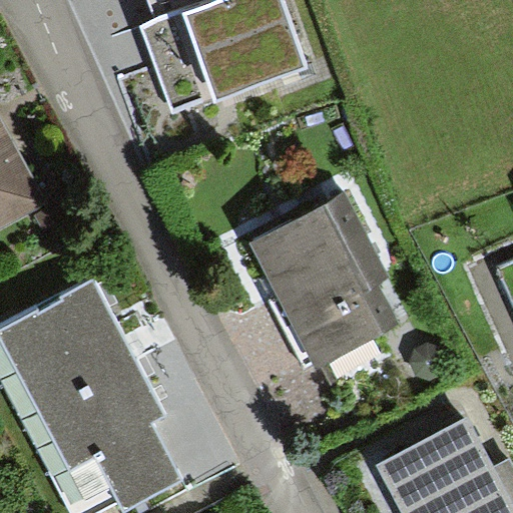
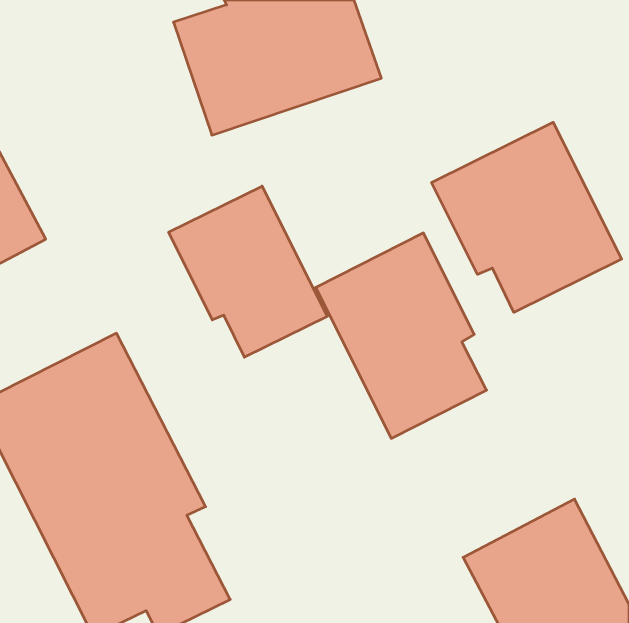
building: none -> [432,122,622,312]
building: none -> [169,186,327,357]

